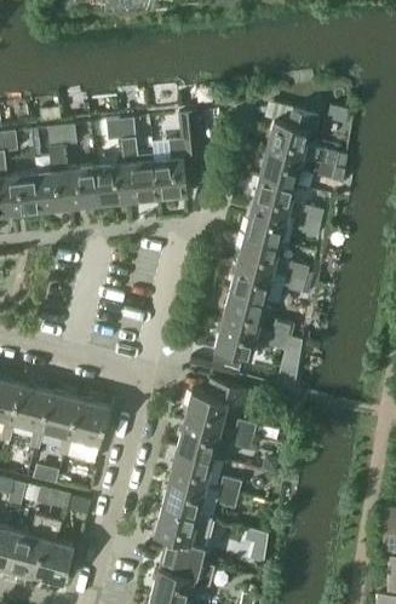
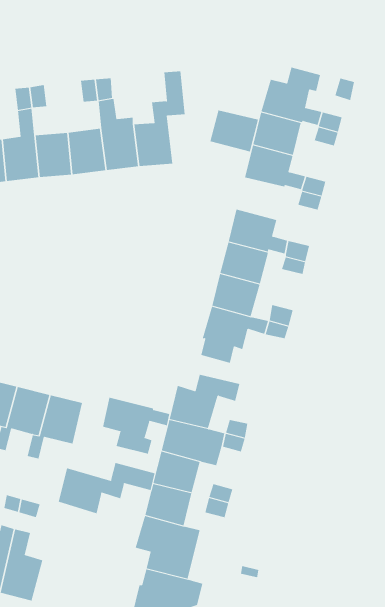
building: [243,207,287,245] -> [209,110,259,152]
building: none -> [103,397,170,454]
building: none -> [58,462,155,514]

